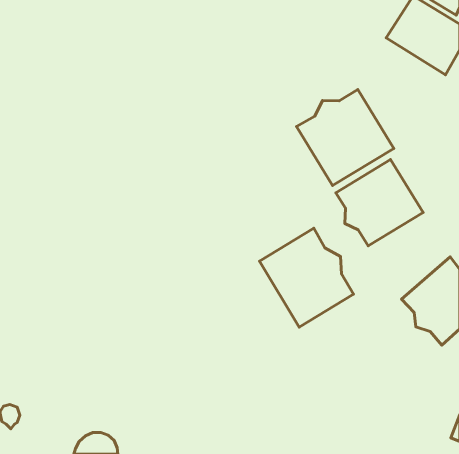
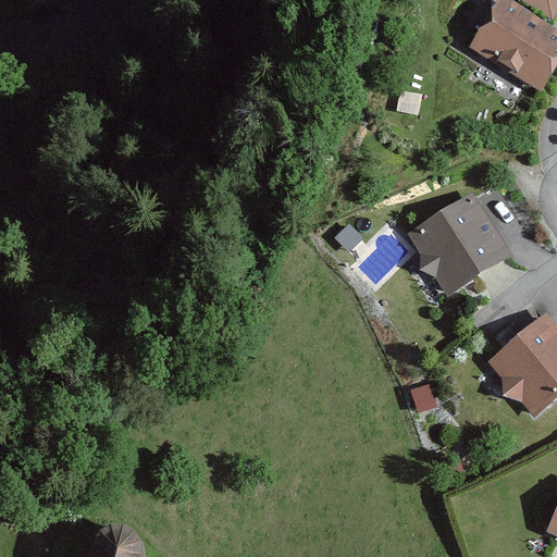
building: [297,89,394,185] -> none
building: [259,228,354,327] -> none

